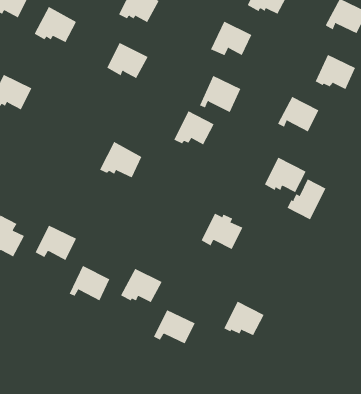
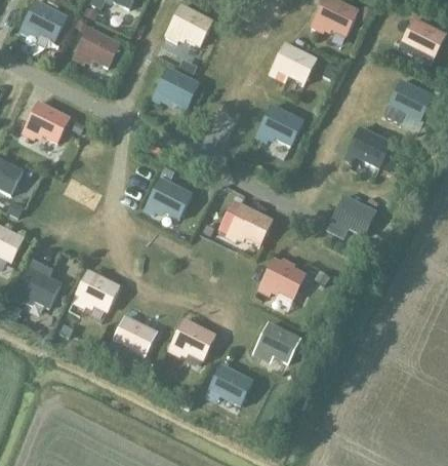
building: [173,110,215,145] -> [226,204,272,243]
building: [287,178,326,220] -> none
building: [223,301,265,336] -> [253,322,299,361]

